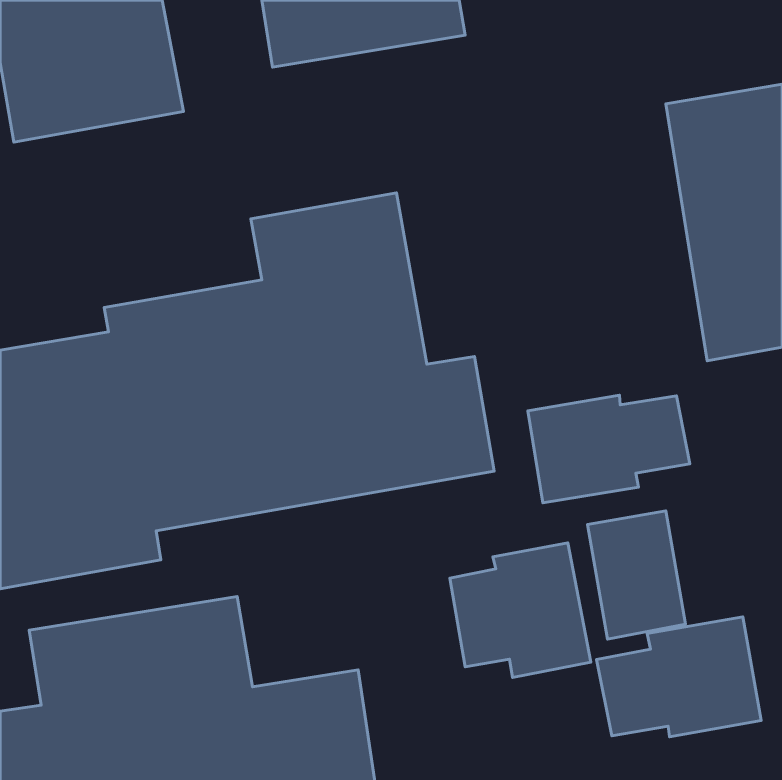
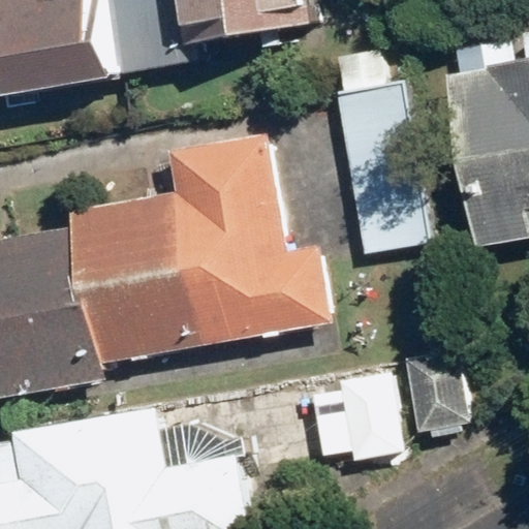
building: none -> [330,84,418,251]
building: [528,395,690,503] -> none
building: [596,617,761,737] -> none

